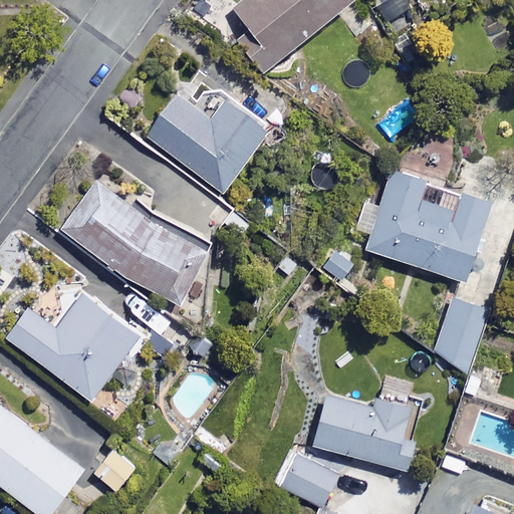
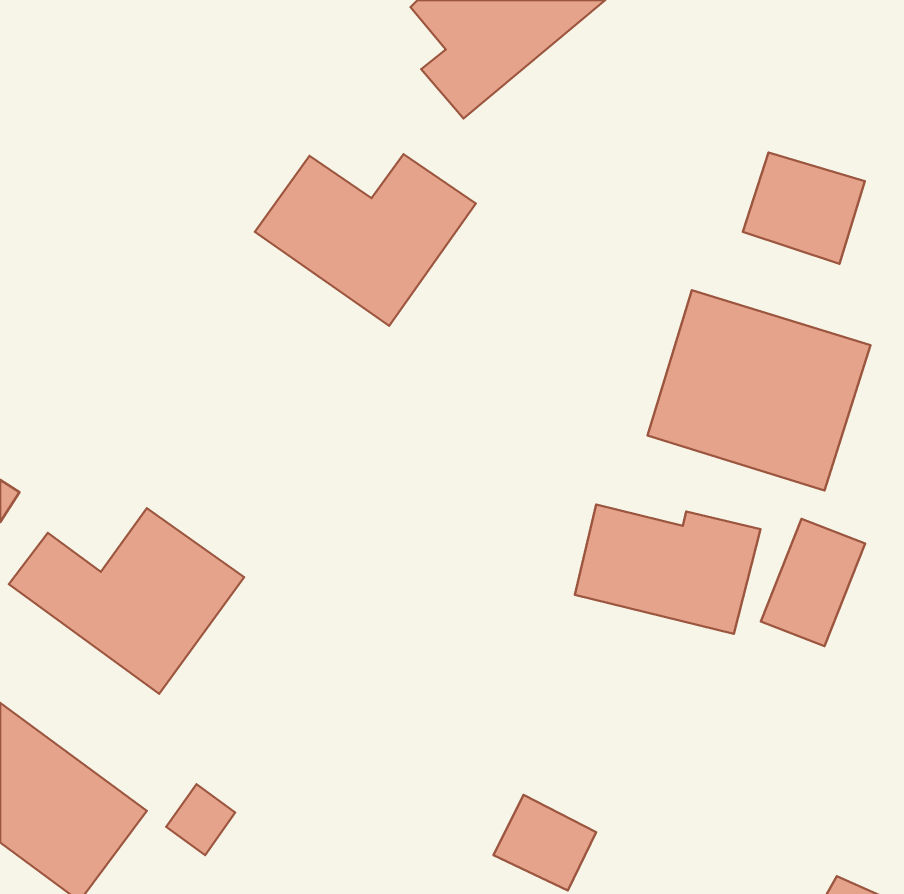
building: none -> [743,153,865,264]
building: [63,182,209,299] -> none
building: [313,397,419,470] -> [575,504,761,634]

